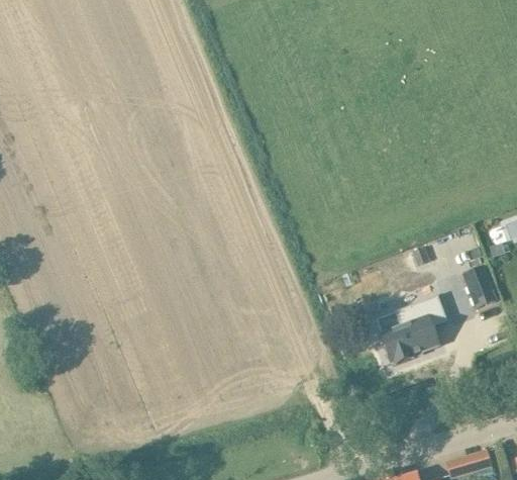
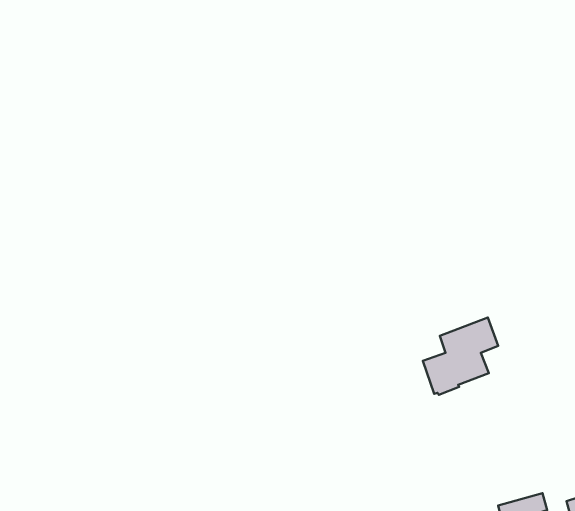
building: [462,265,498,308] -> none

